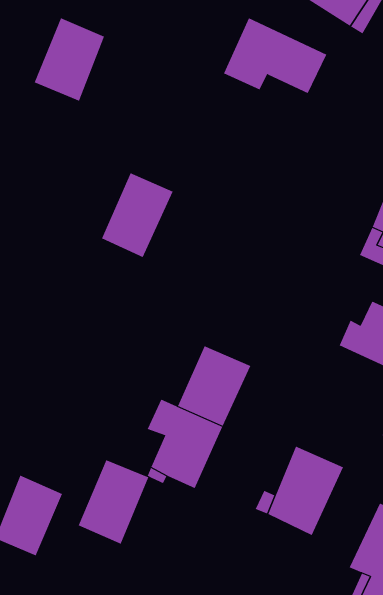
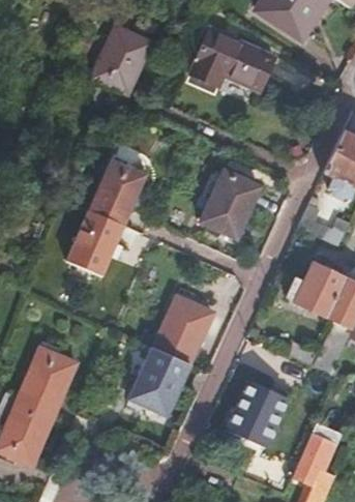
building: [34,18,105,101] -> [95,26,153,94]
building: none -> [200,170,259,237]
building: none -> [67,208,123,272]
building: [78,459,149,545] -> [23,347,81,416]

